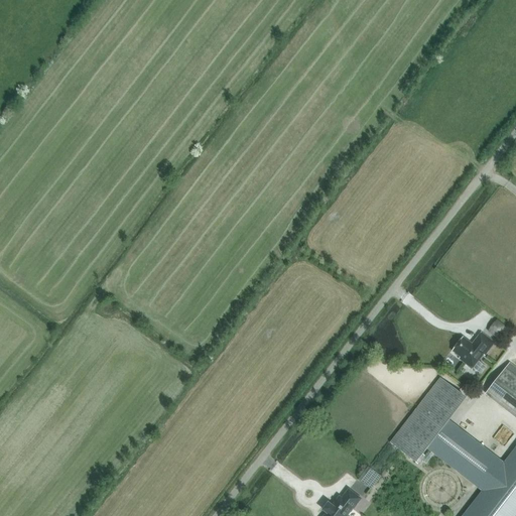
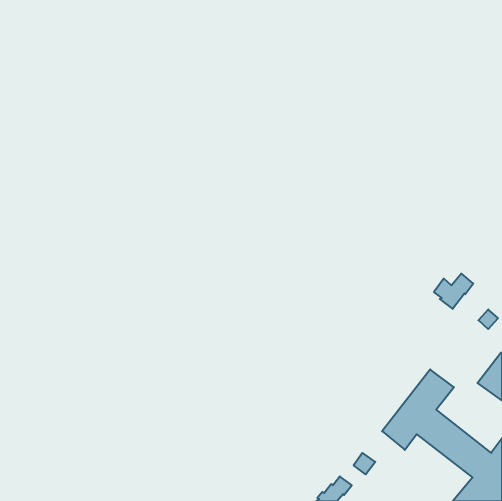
building: [454,332,494,368] -> [434,274,473,309]

